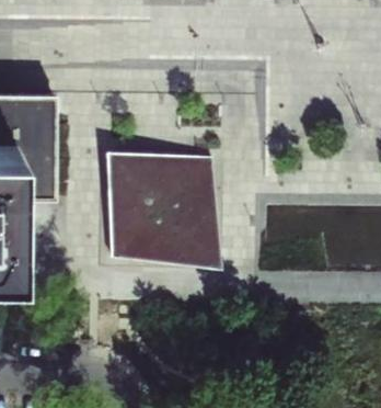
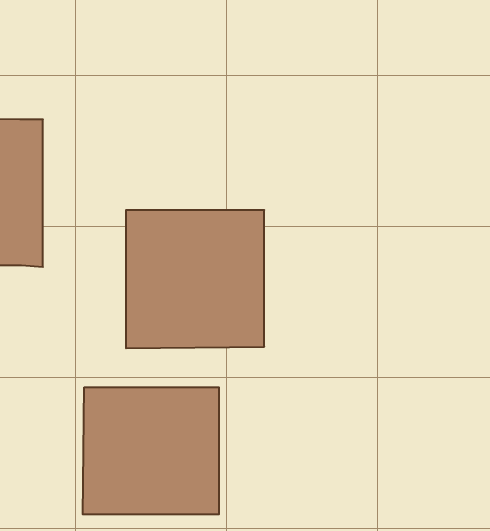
building: none -> [83,387,219,514]

